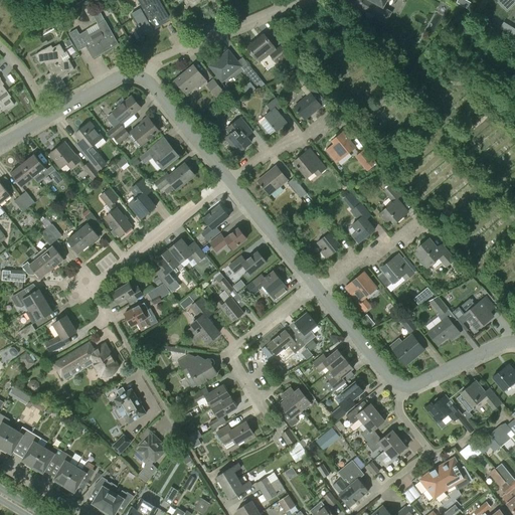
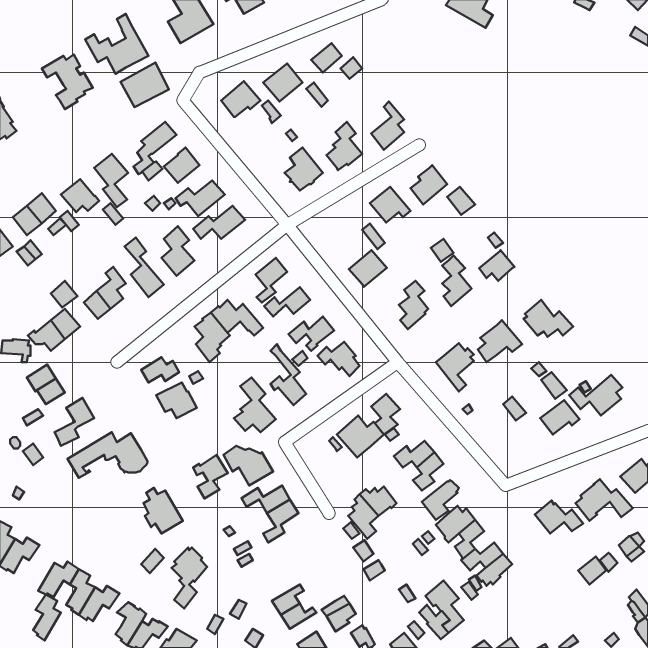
building: none -> [121,62,169,107]
building: [256,165,287,194] -> [349,250,387,287]
building: [388,334,422,364] -> none
building: none -> [193,455,228,499]
building: [216,421,252,449] -> none
building: [21,432,43,468] -> [33,595,61,640]
building: [419,458,467,497] -> none

